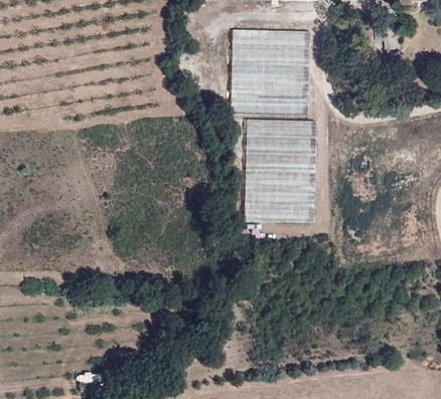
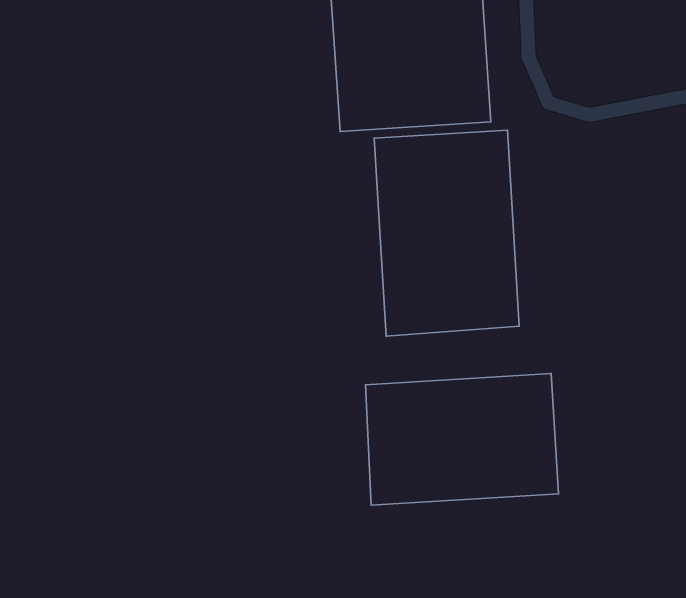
building: none -> [366,374,558,505]

